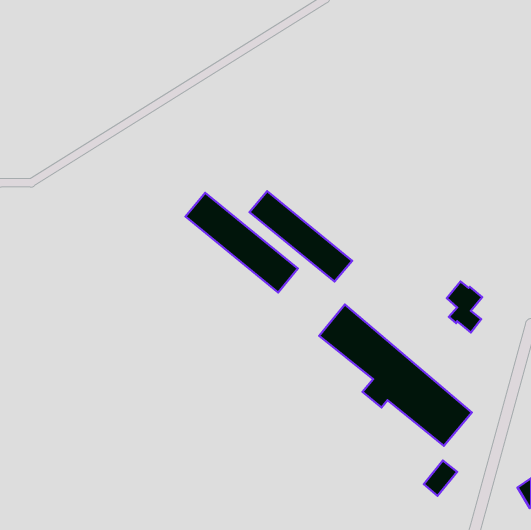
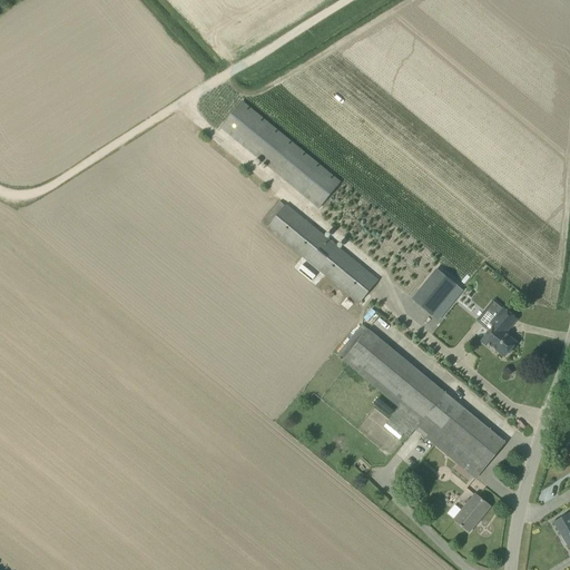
building: [186,193,298,292] -> [220,100,341,207]
building: none -> [412,268,455,317]

